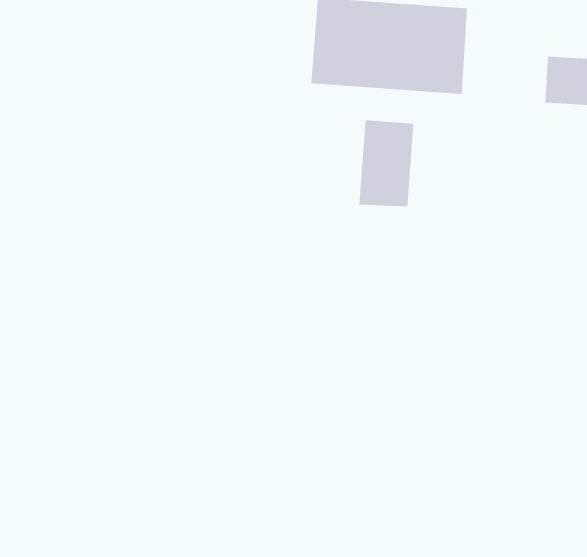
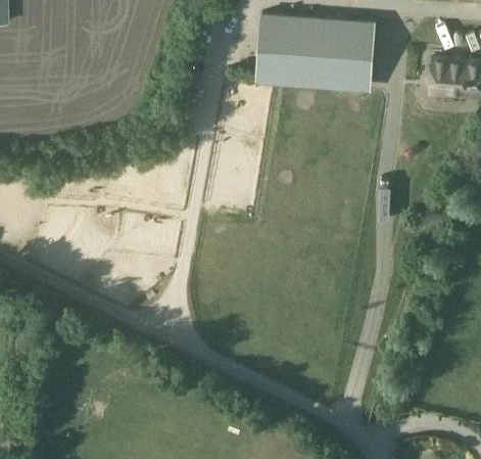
building: [359,119,414,207] -> none

